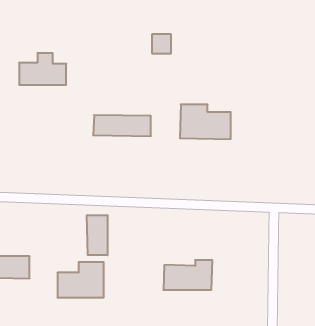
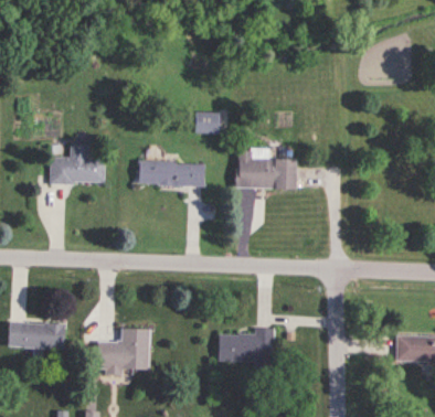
building: [152,34,171,53] -> [195,111,218,133]
building: [19,53,66,85] -> [50,146,104,182]
building: [87,215,107,255] -> none

